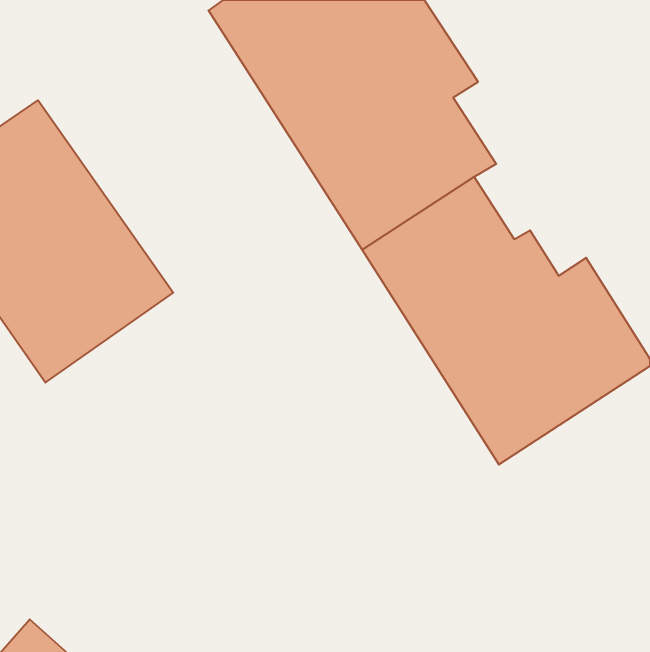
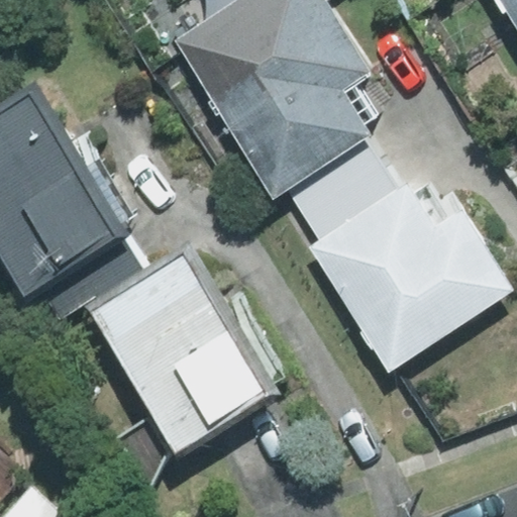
building: none -> [89,250,274,447]

